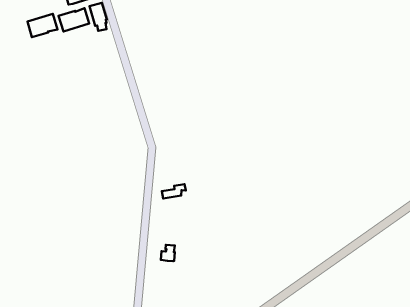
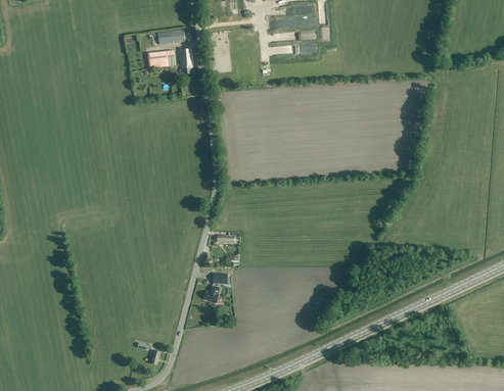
building: [27,14,57,37] -> none

